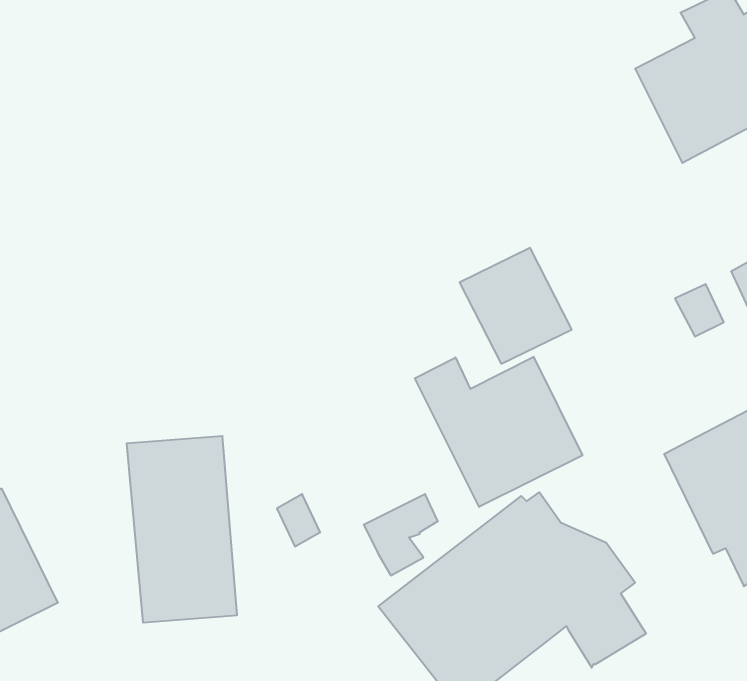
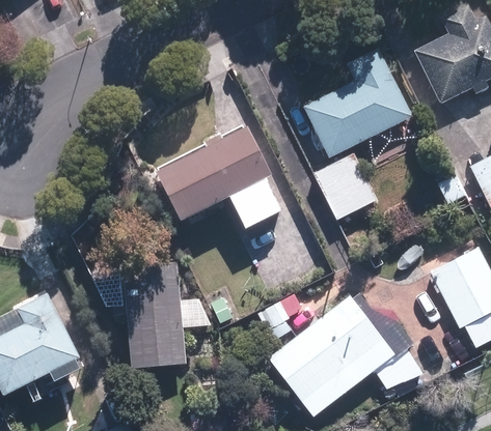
building: none -> [303,48,413,157]
building: none -> [156,125,280,225]
building: [415,357,582,507] -> none

